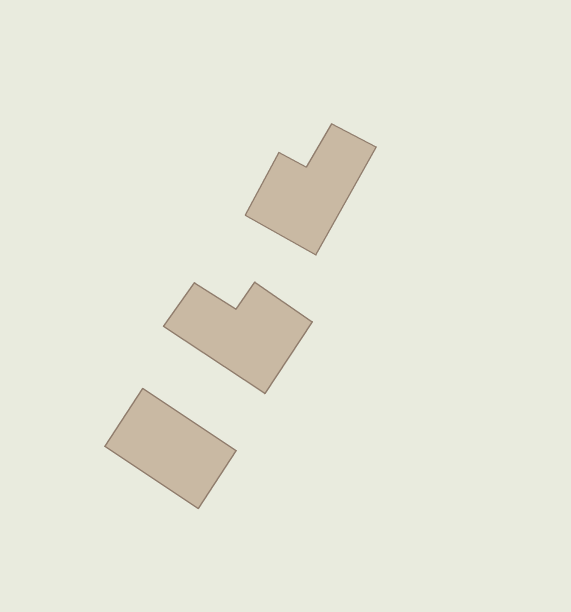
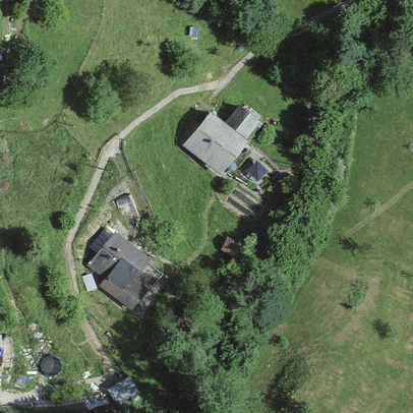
building: [164,282,312,394] -> none

